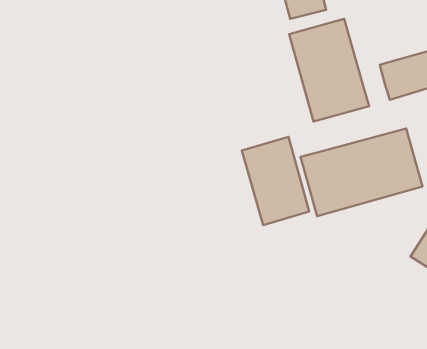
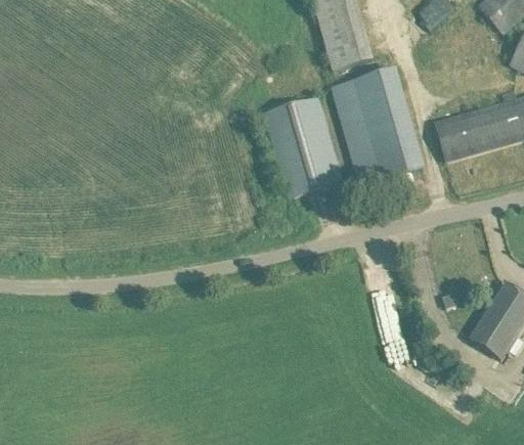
building: [300,128,422,216] -> none
building: [242,137,309,225] -> [264,97,341,197]

